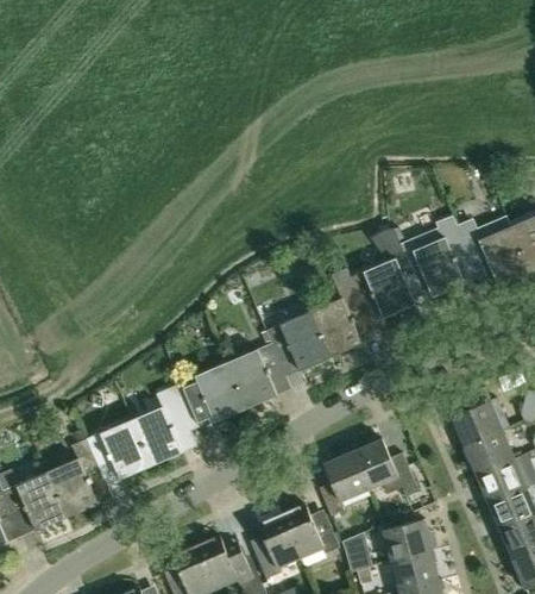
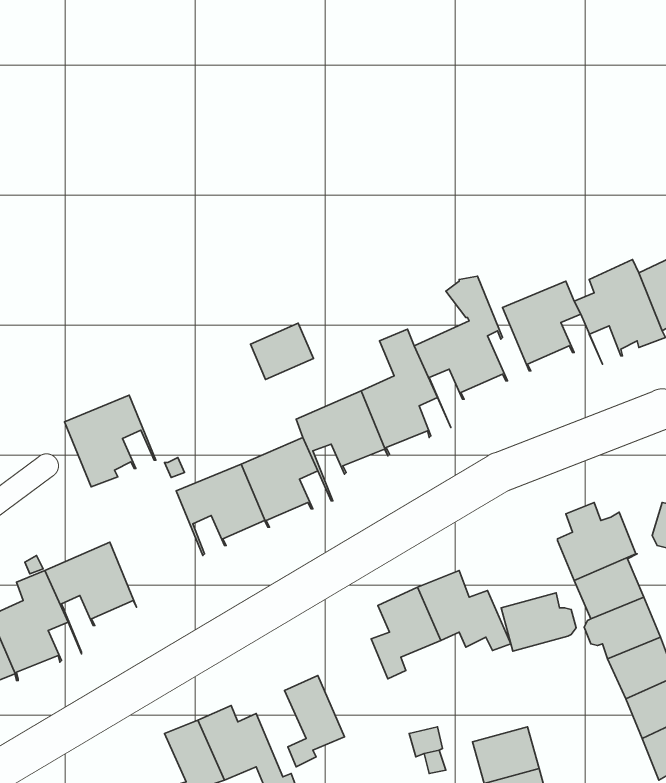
building: none -> [250,323,313,379]
building: [133,400,199,465] -> [64,395,156,487]
building: [282,505,340,558] -> none
building: [384,520,438,562] -> [501,593,576,651]

